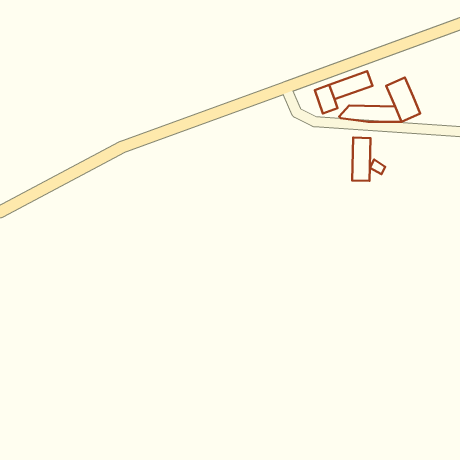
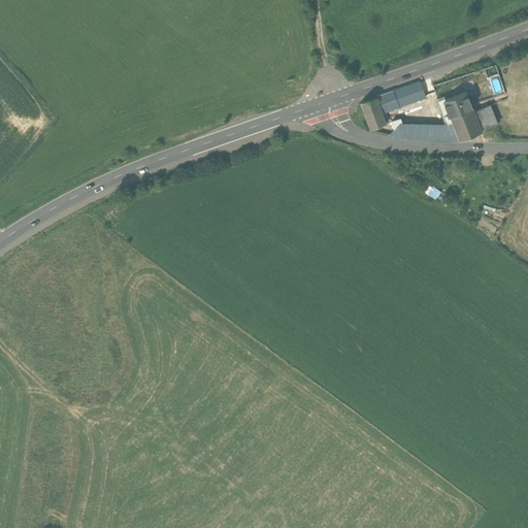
building: none -> [473,104,499,131]
building: [352,138,370,181] -> none

